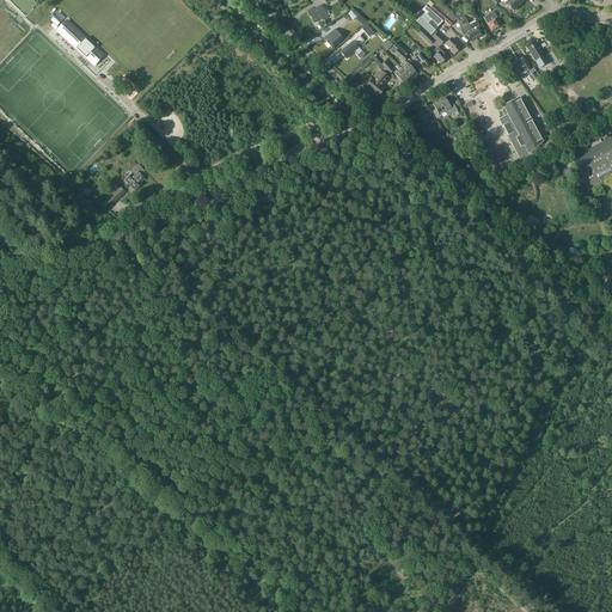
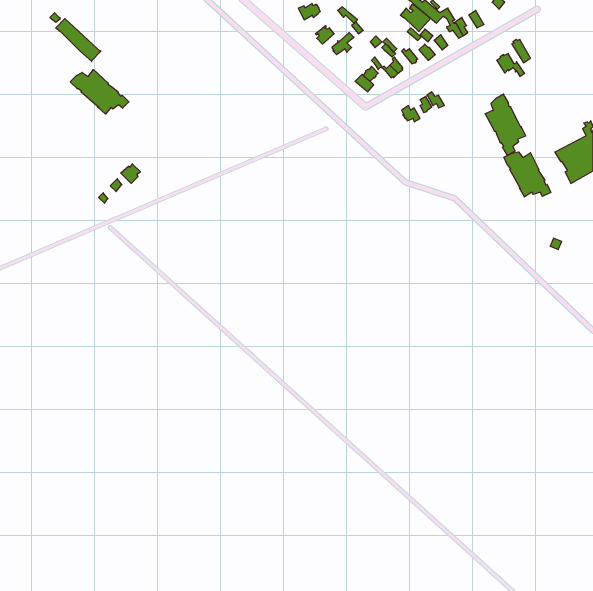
building: none -> [70,70,129,114]
building: none -> [504,152,551,197]

